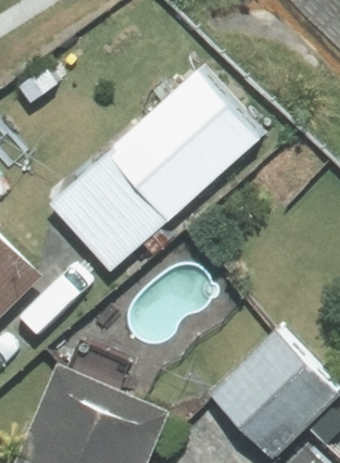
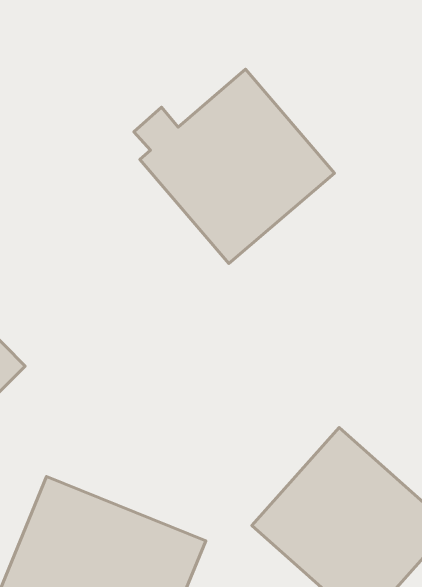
building: [47,146,173,272] -> none

